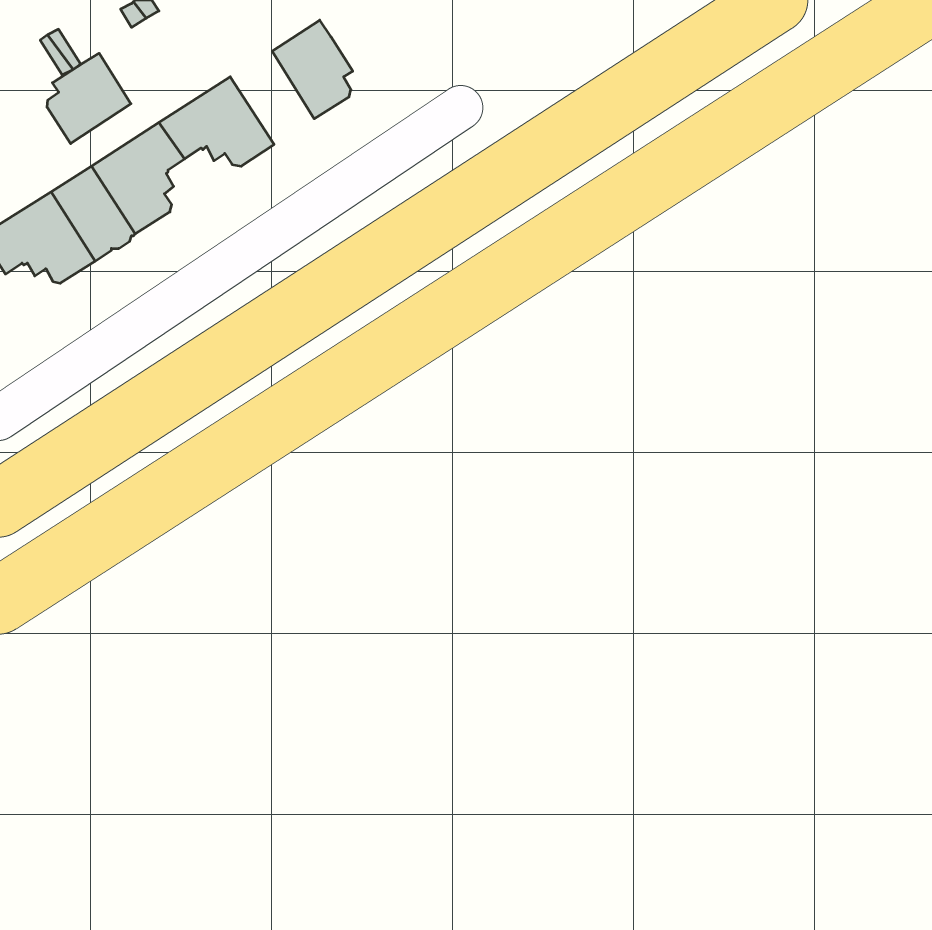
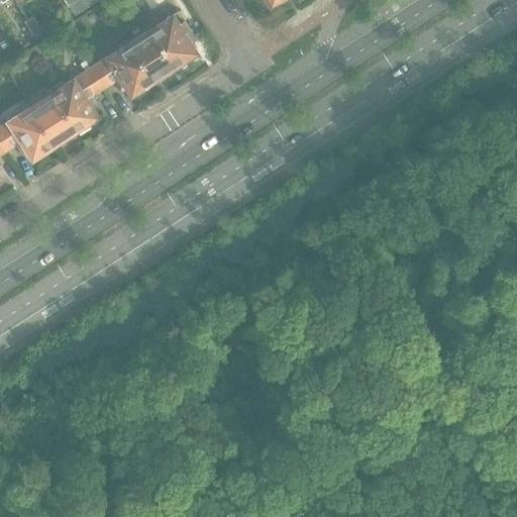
building: none -> [127,30,174,82]
building: [47,53,131,144] -> none

